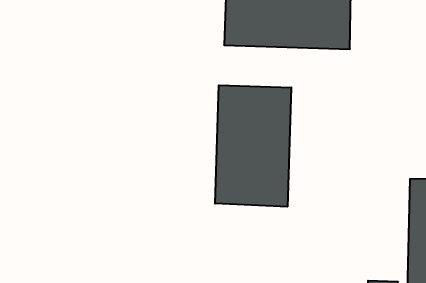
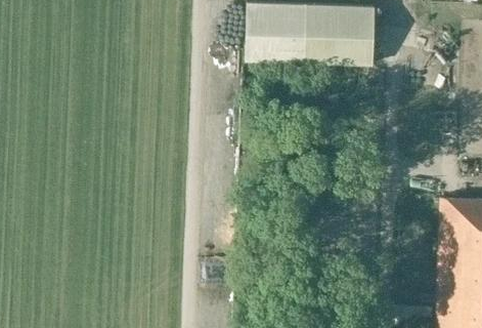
building: [215,85,291,207] -> none

